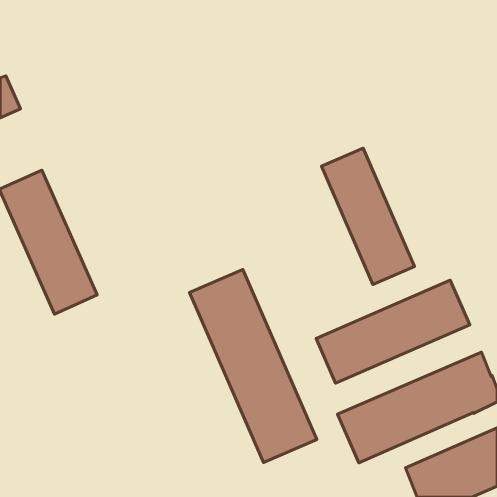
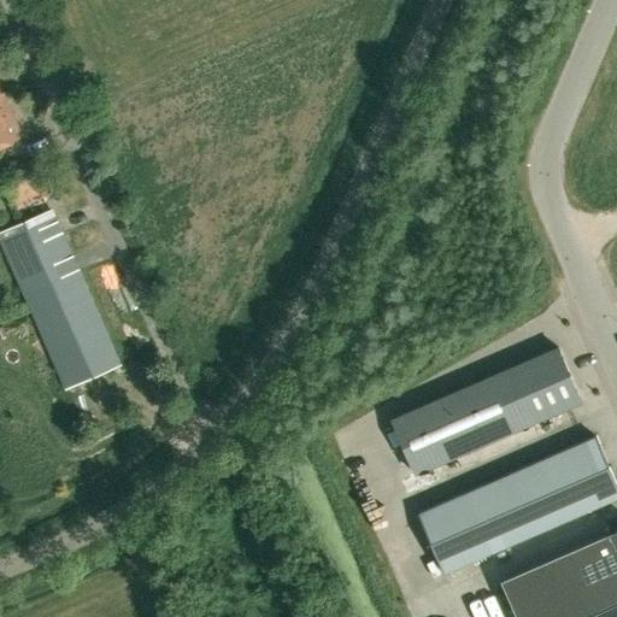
building: [321,148,415,285] -> none
building: [190,269,317,463] -> none

